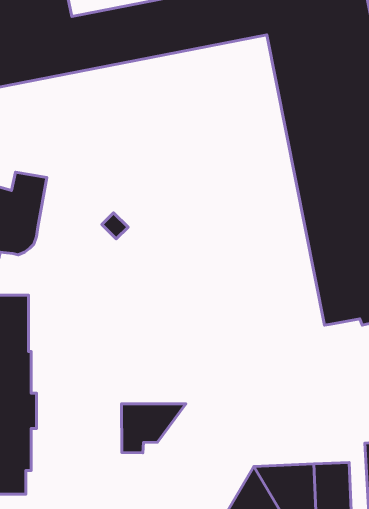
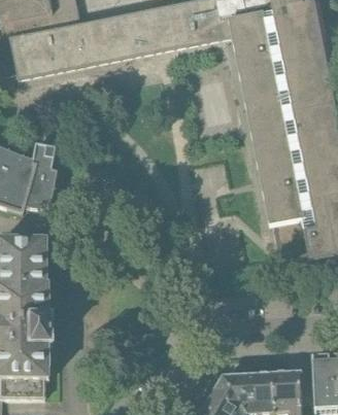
building: [122,404,186,453] -> none

